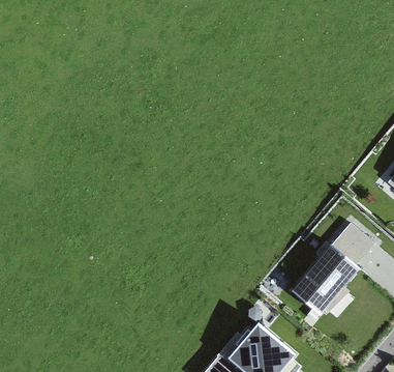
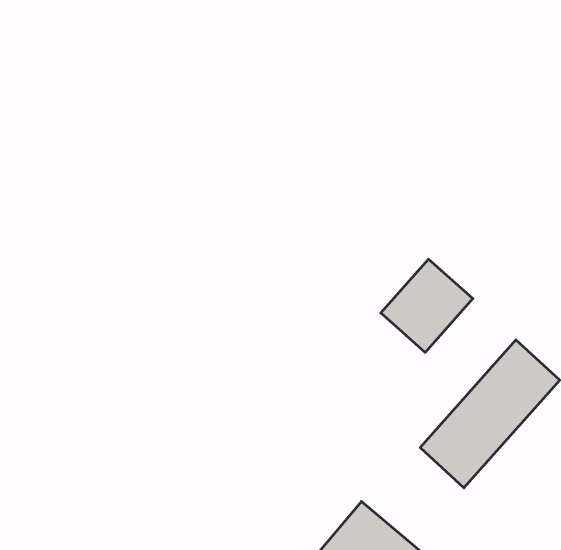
building: none -> [381,259,473,352]

